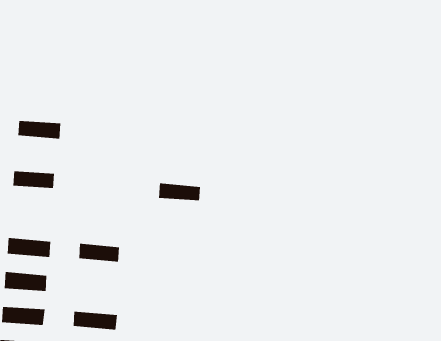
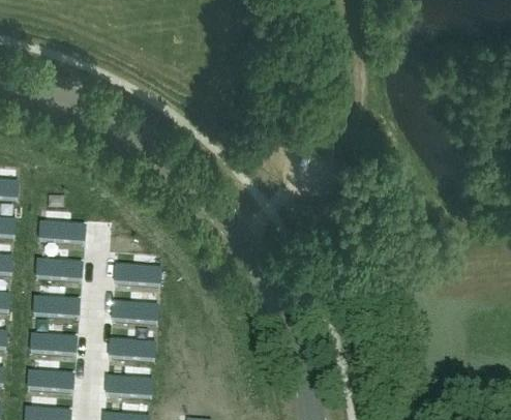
building: [18,120,61,139] -> [34,259,82,279]
building: [158,183,201,201] -> [114,264,160,283]
building: none -> [108,339,153,359]

